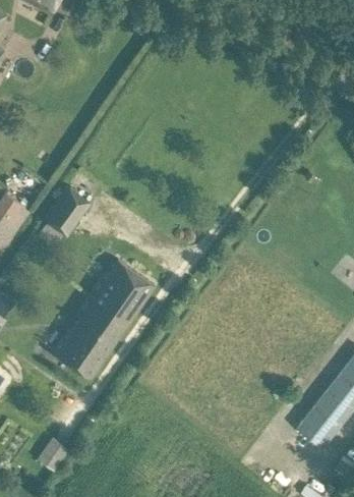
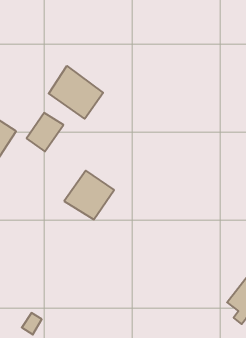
building: none -> [49,66,103,119]
building: [54,297,128,377] -> none

